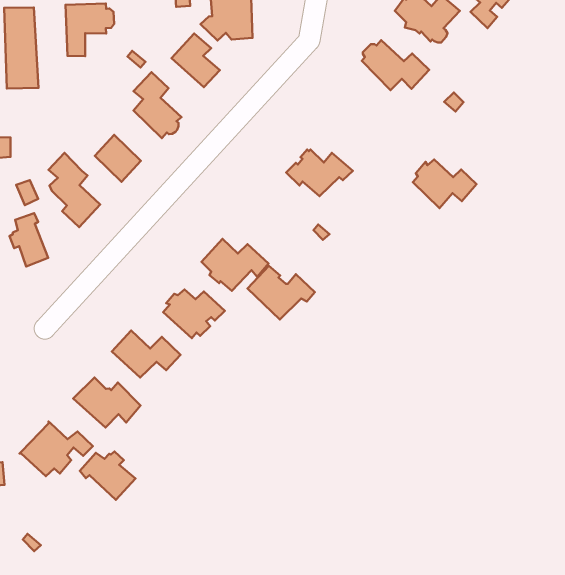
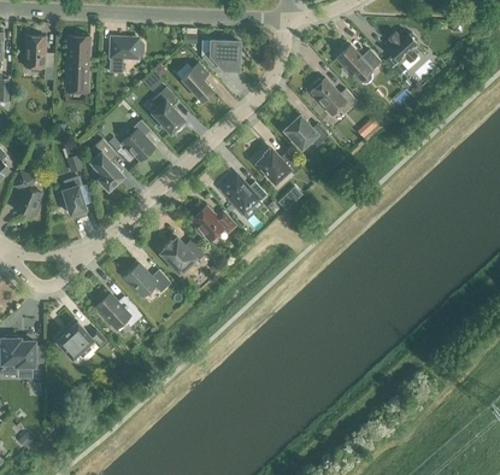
building: [413,159,476,208] -> [284,115,328,148]
building: [248,266,315,320] -> [220,174,266,211]
building: [80,452,136,500] -> none

